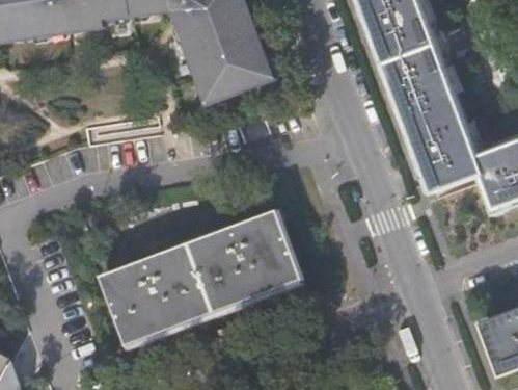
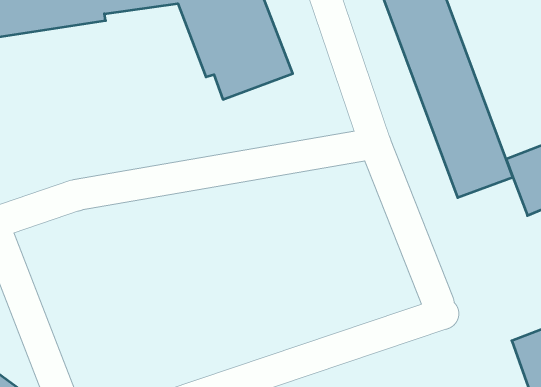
building: [100,211,300,343] -> none

